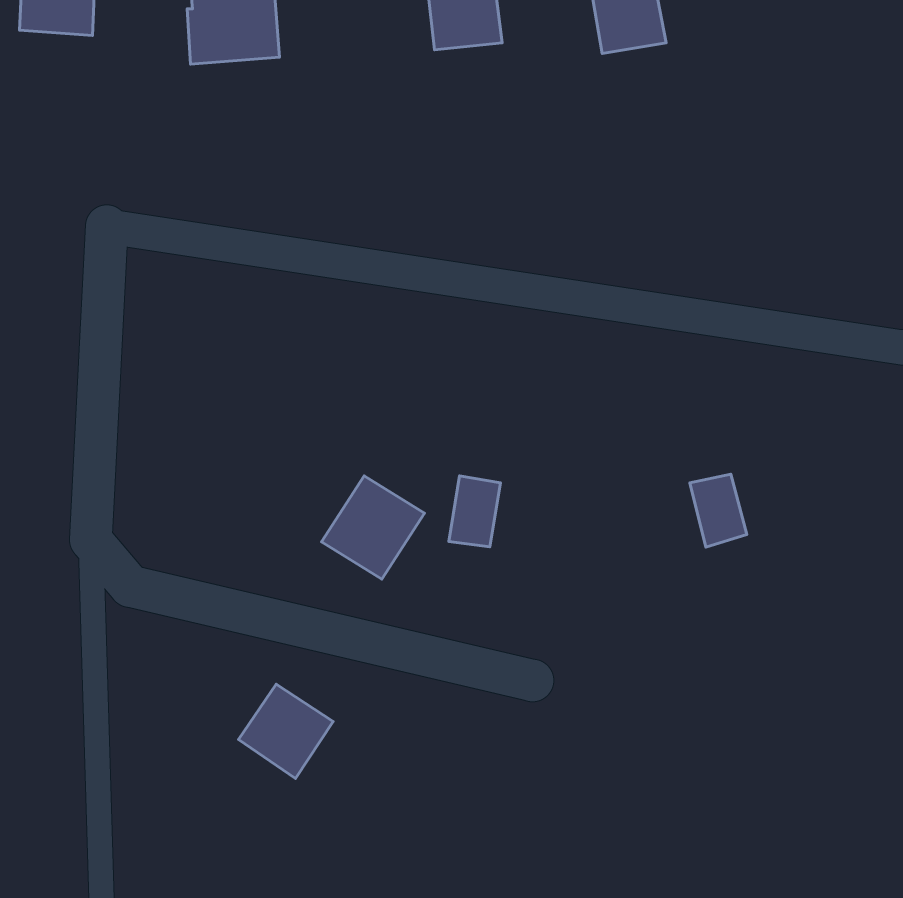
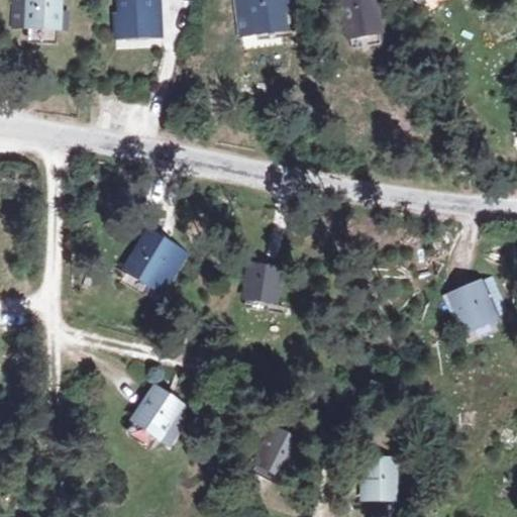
building: [690,474,747,547] -> [460,288,493,329]
building: [321,476,425,579] -> [126,233,185,292]
building: none -> [264,430,300,474]
building: none -> [364,455,393,498]

